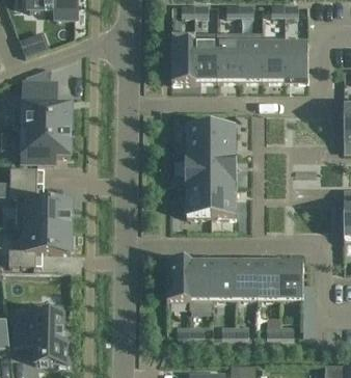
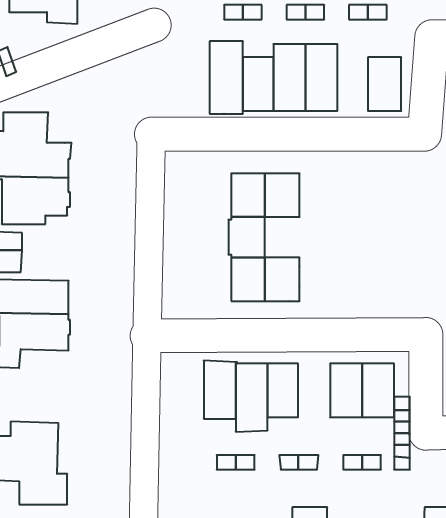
building: [262,37,284,80] -> none
building: [210,156,236,185] -> none
building: [234,261,256,299] -> none

